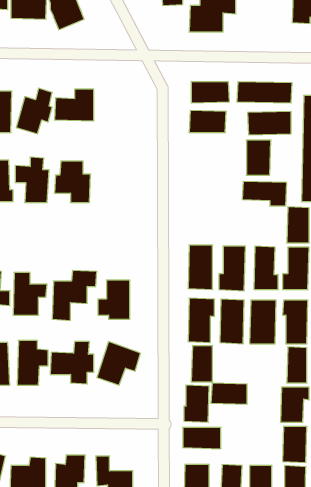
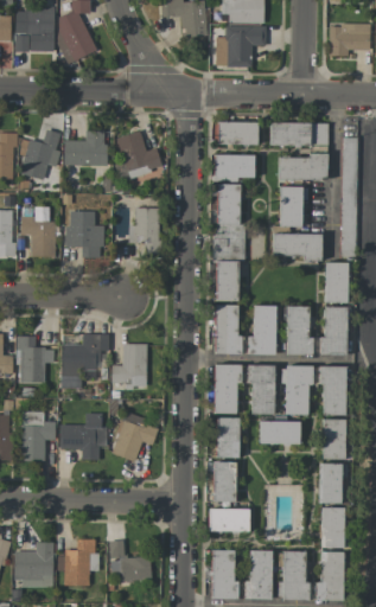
building: none -> [116,130,162,179]
building: none -> [211,184,246,301]
building: none -> [128,207,160,251]
building: [211,383,247,404] -> [260,421,300,445]

